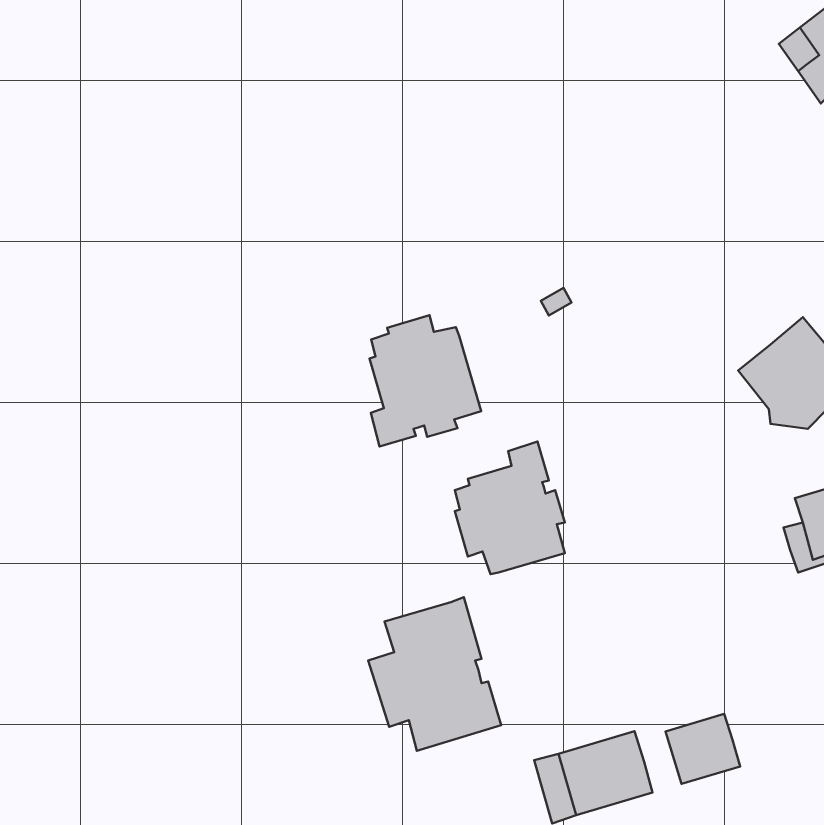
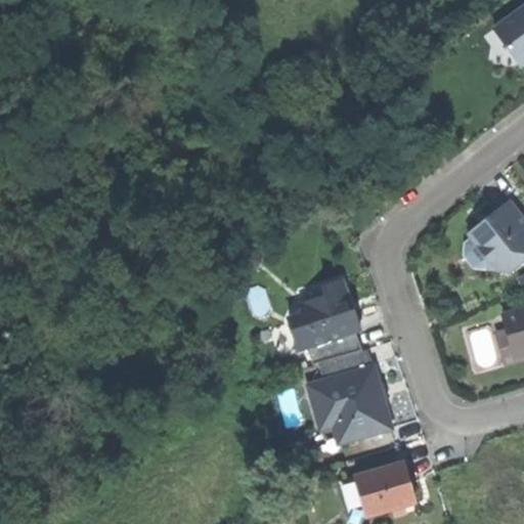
building: [370,315,481,447] -> none
building: [368,597,501,751] -> [307,347,391,444]
building: [666,714,740,784] -> none

